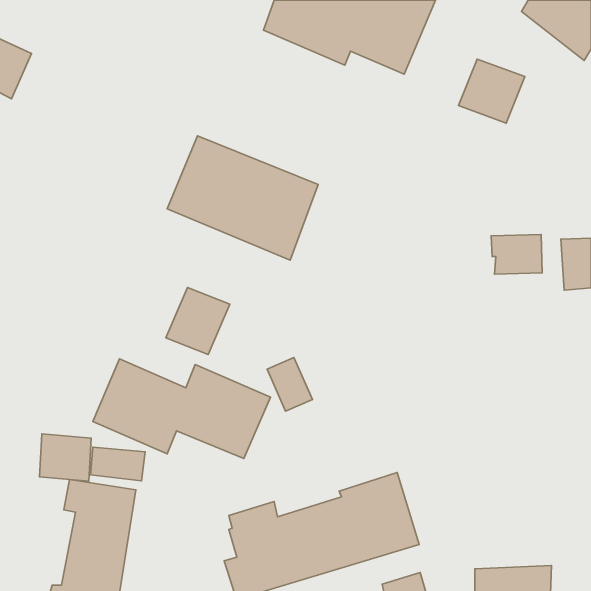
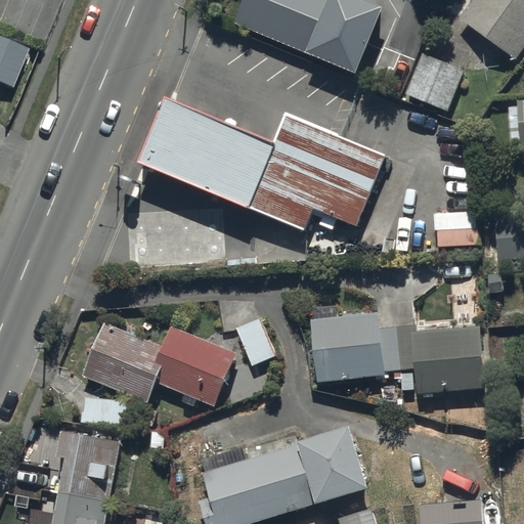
building: none -> [259,134,389,246]
building: [166,288,230,354] -> none
building: none -> [310,310,485,391]
building: [39,434,91,481] -> none

